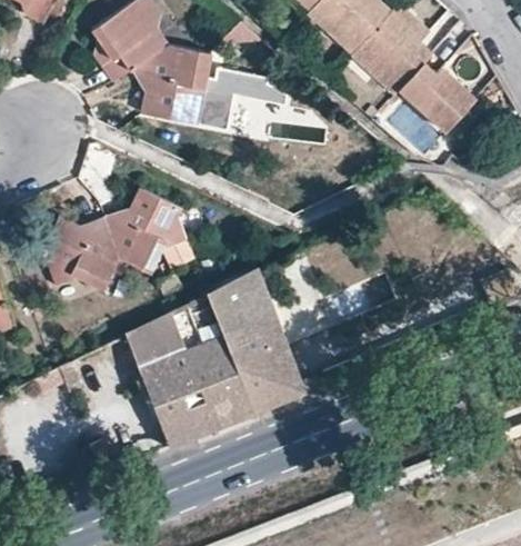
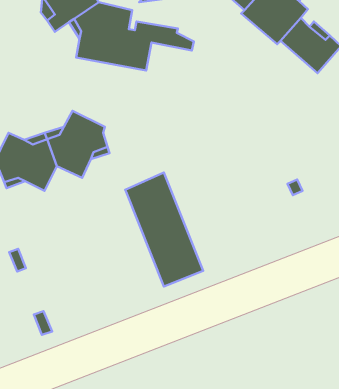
building: [114,288,256,443] -> none

